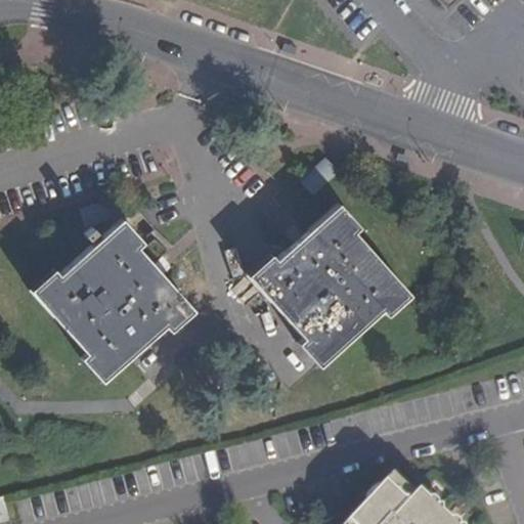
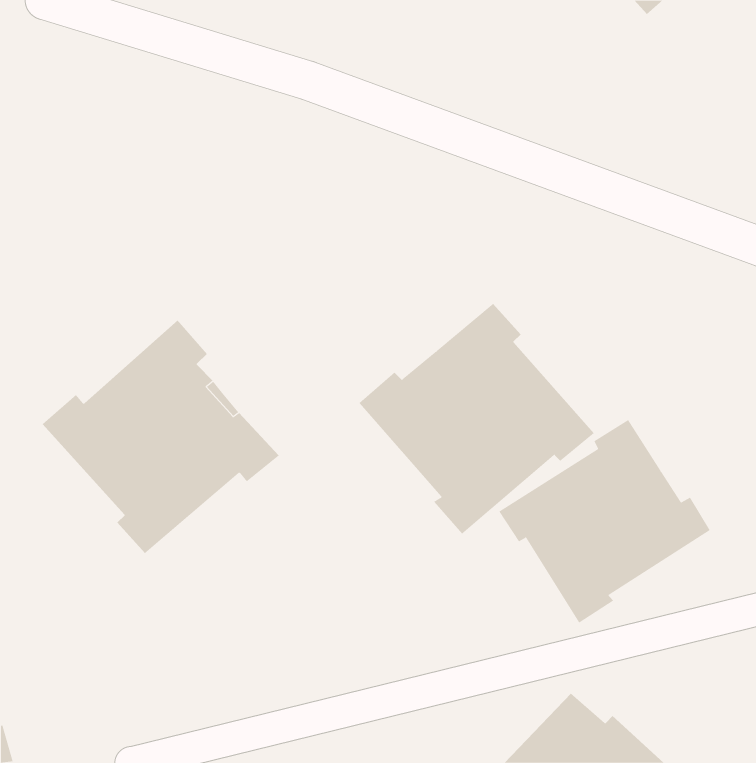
building: none -> [499,419,710,623]

